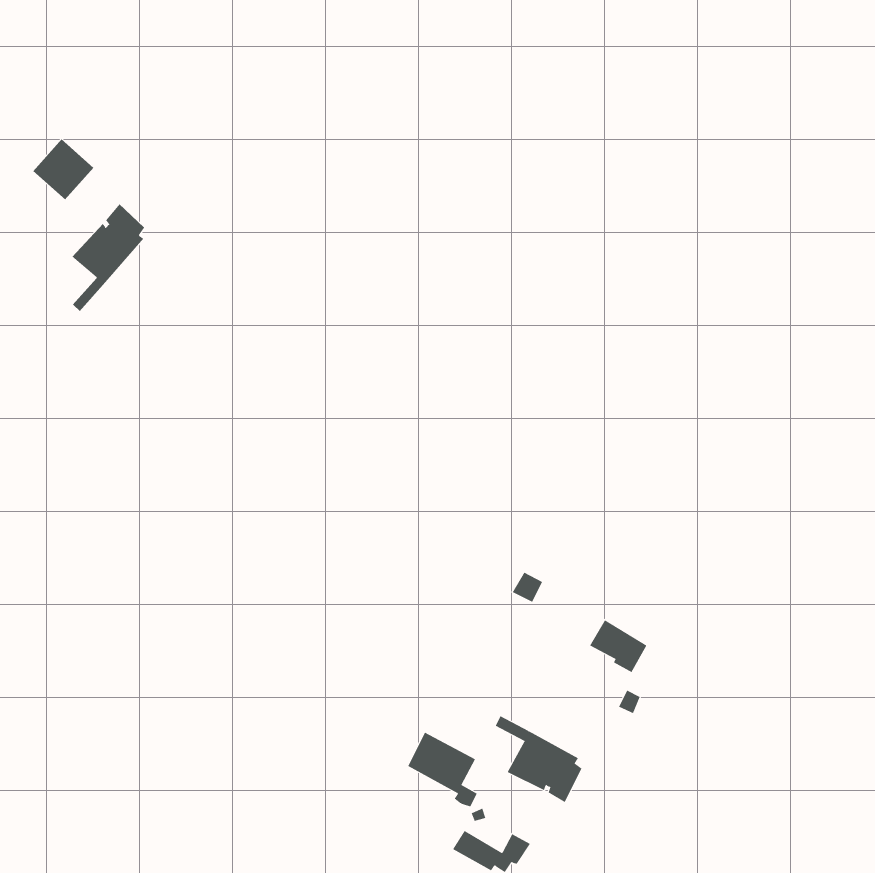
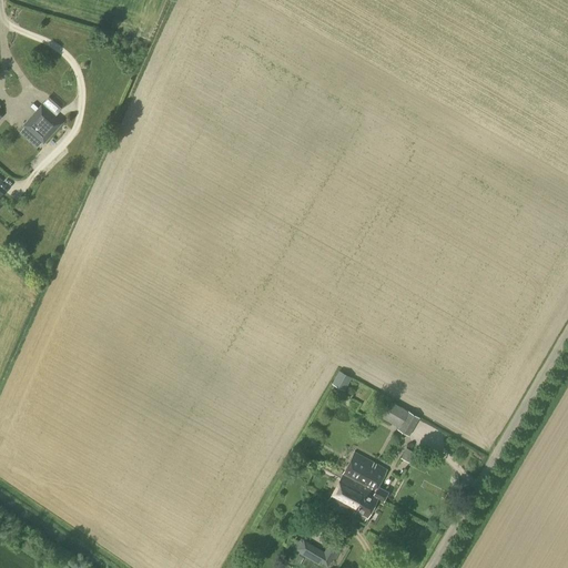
building: [72,203,145,312] -> none
building: [407,732,478,807] -> [343,453,388,501]

